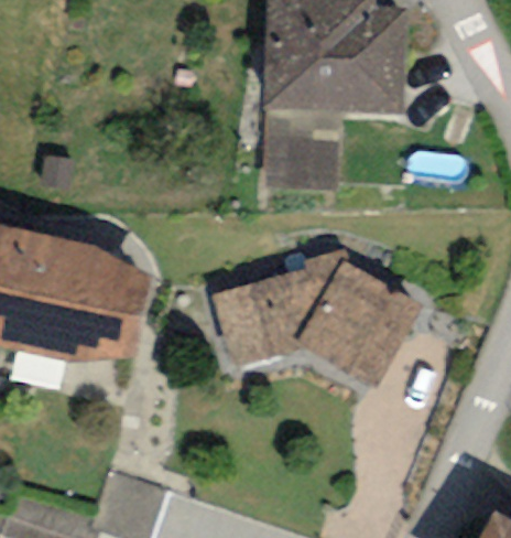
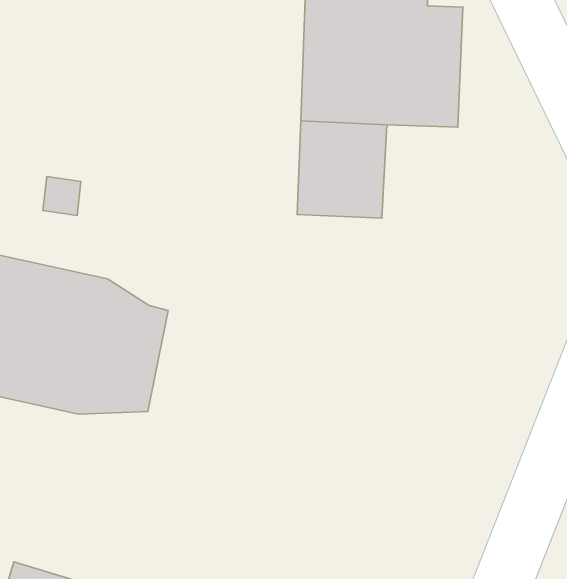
building: [209,249,421,388] -> none

